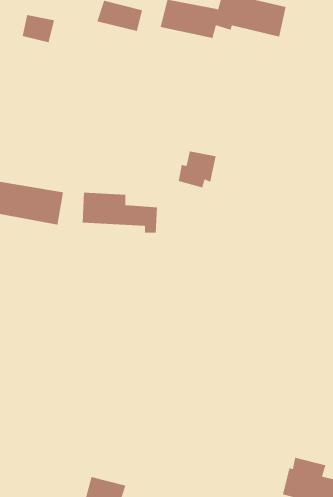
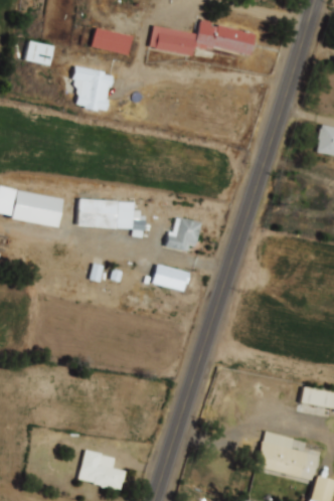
building: none -> [73,66,113,113]
building: [178,151,216,188] -> [167,219,201,253]
building: none -> [153,265,191,292]

